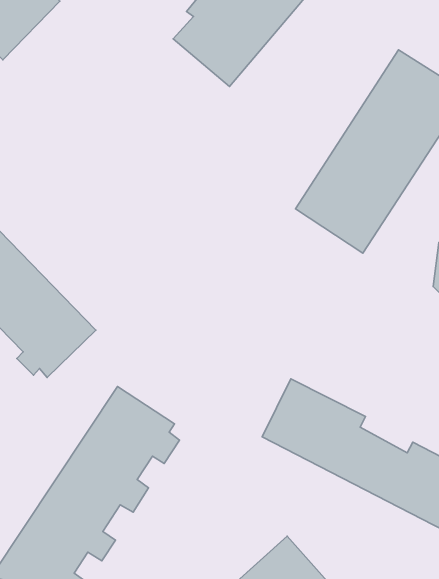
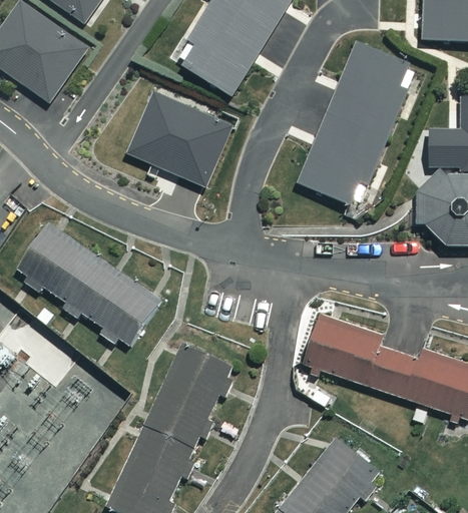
building: none -> [121,93,223,179]

